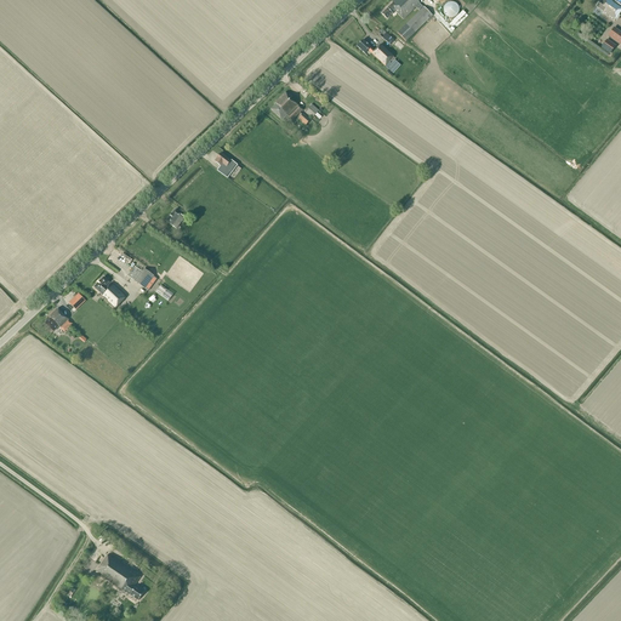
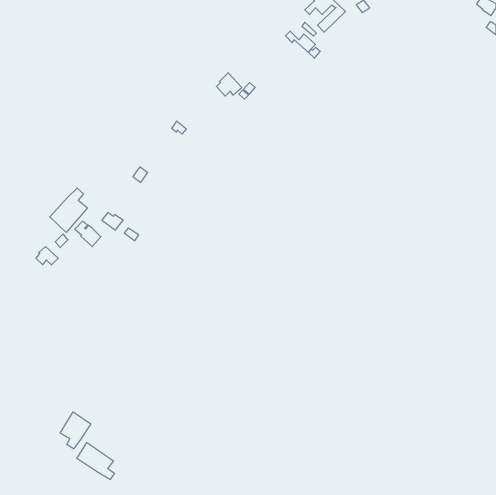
building: none -> [50,188,88,232]
building: none -> [60,412,91,449]

